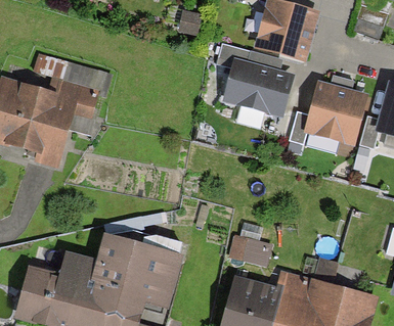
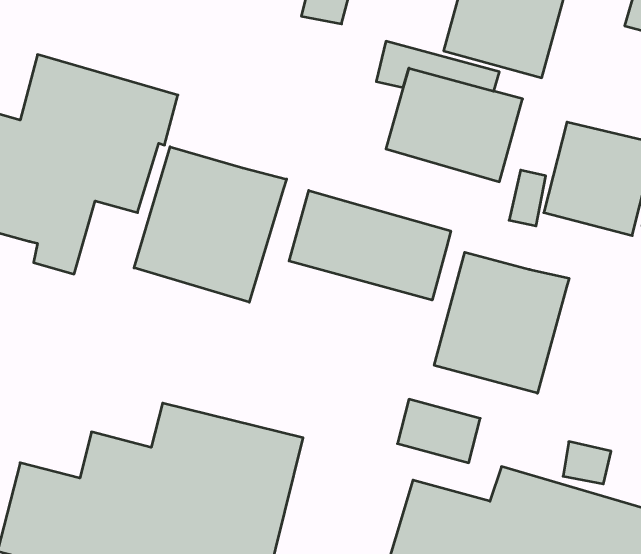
building: none -> [134,147,287,302]
building: none -> [289,190,451,300]
building: none -> [434,252,569,393]

